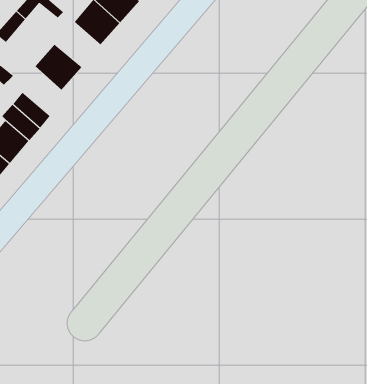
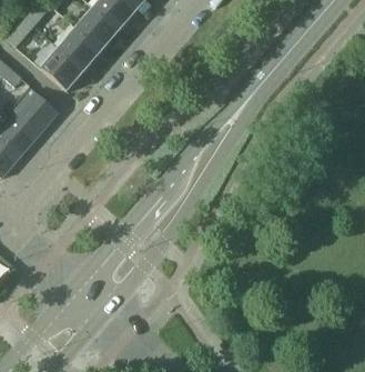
building: none -> [60,27,102,68]

